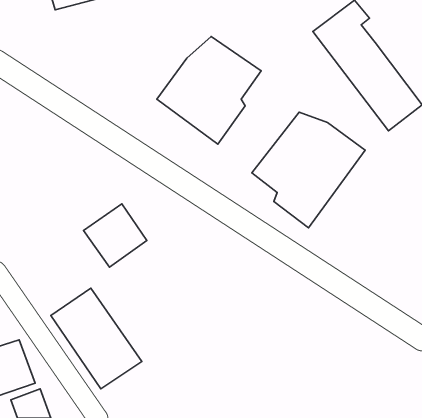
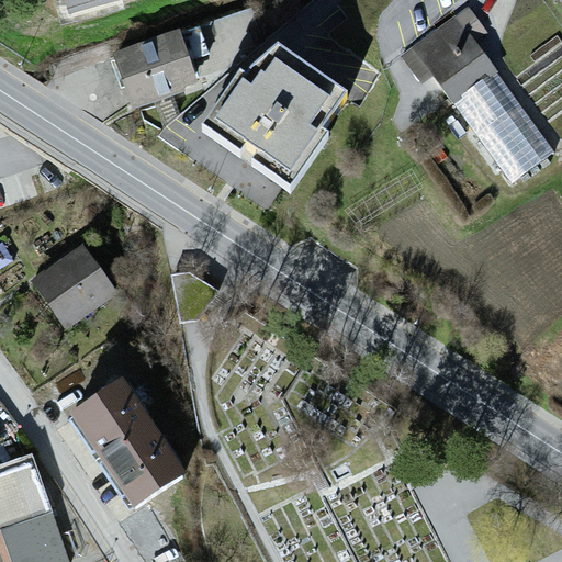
building: none -> [106,27,198,110]
building: [252,112,365,228] -> none
building: [84,204,147,267] -> [31,244,114,327]

